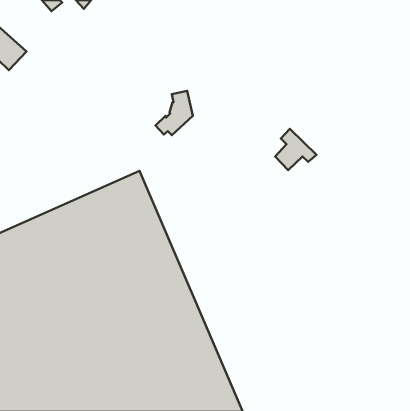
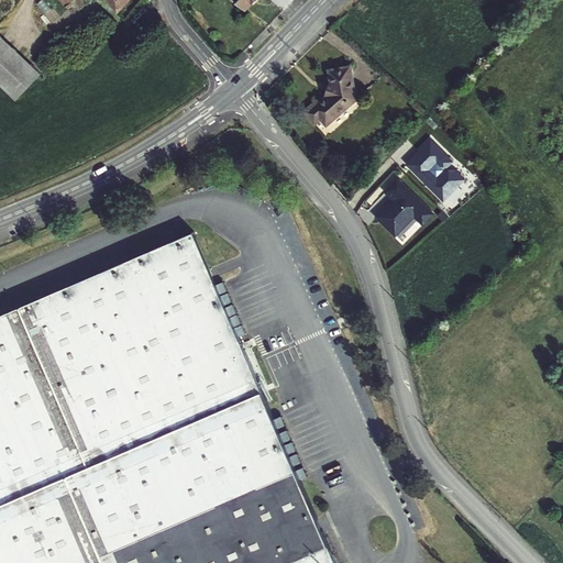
building: [156,91,193,135] -> [303,64,354,124]
building: none -> [405,137,461,198]

